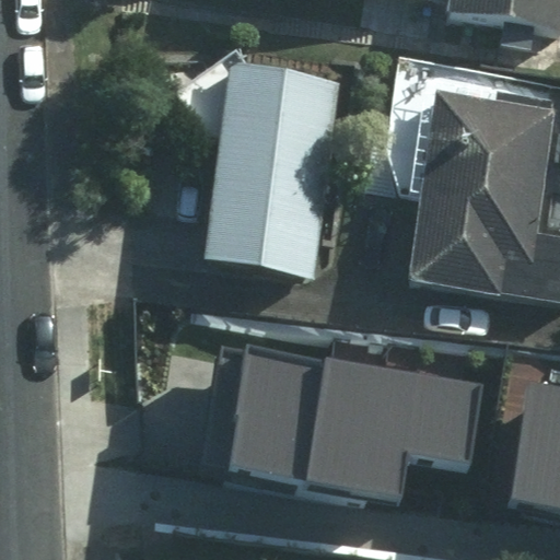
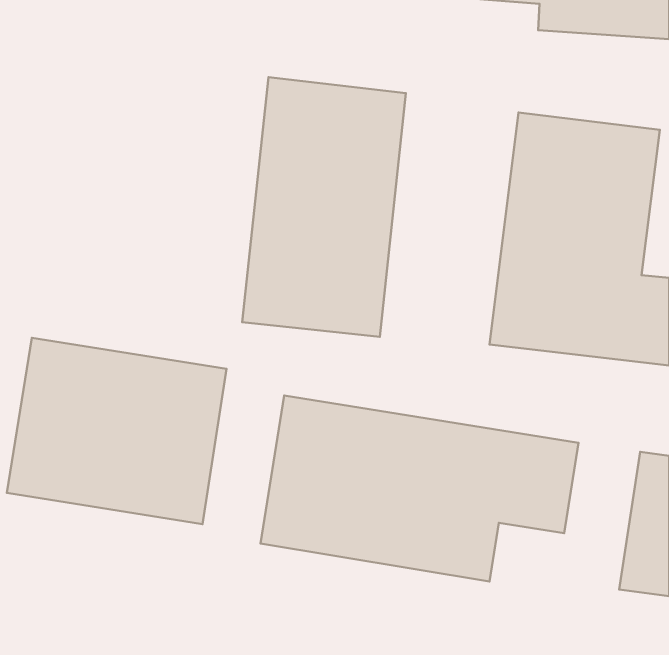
building: none -> [7,338,227,524]

